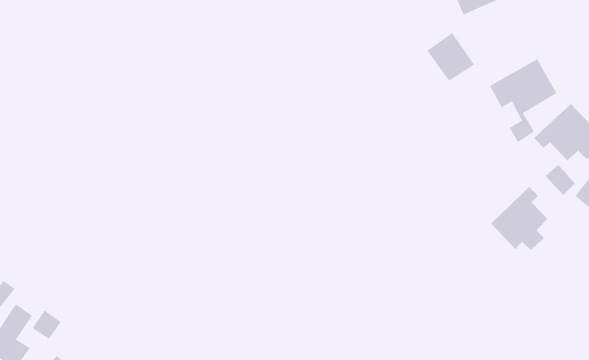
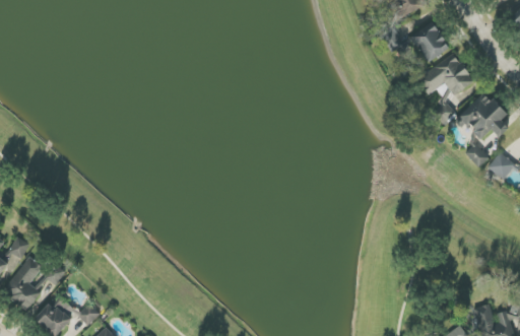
building: [427,32,475,82] -> [410,21,450,62]
building: [490,186,548,251] -> none

